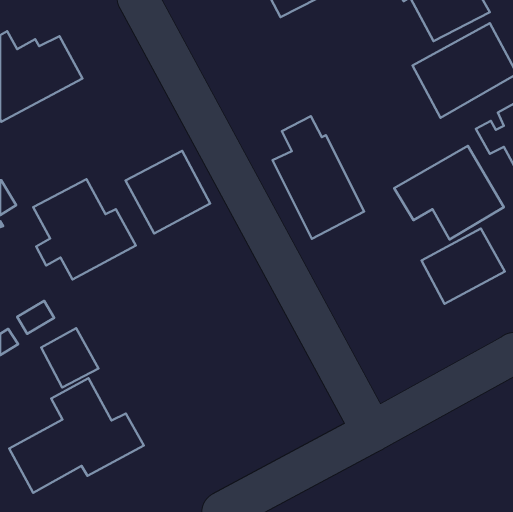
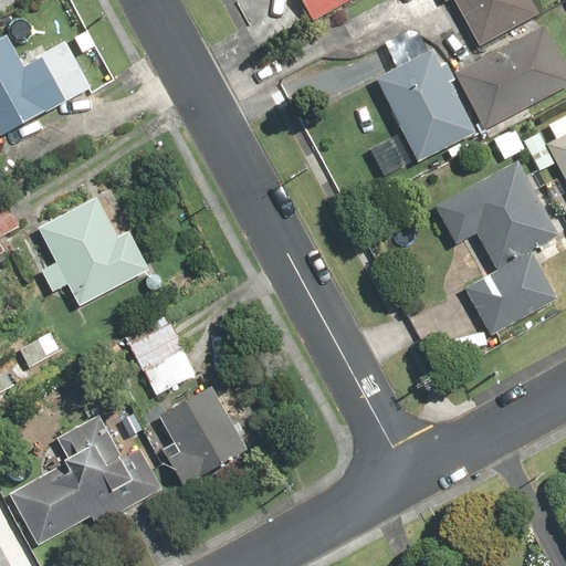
building: [273,116,364,239] -> [375,28,475,163]
building: [126,151,210,233] -> none
building: [41,328,98,388] -> [134,328,197,394]
building: none -> [160,387,263,485]

